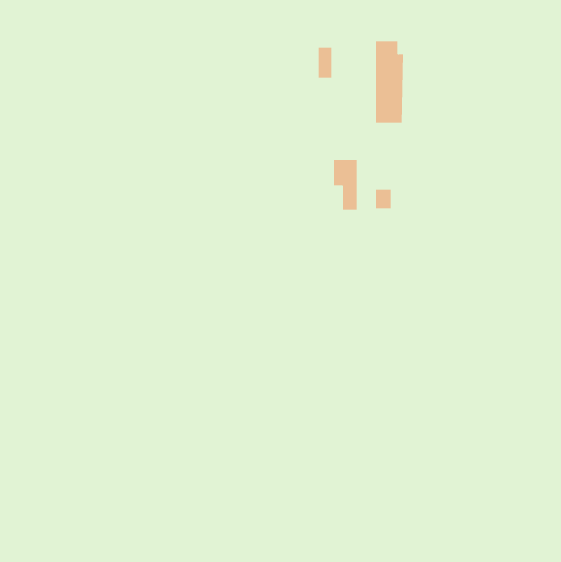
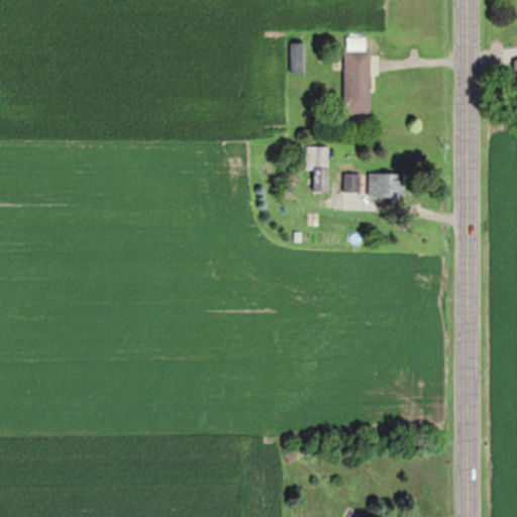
building: none -> [369,174,406,200]

